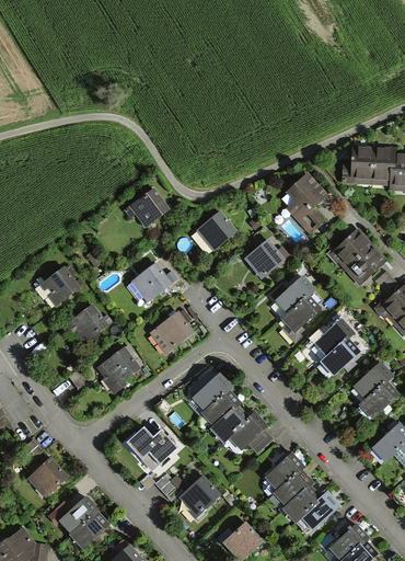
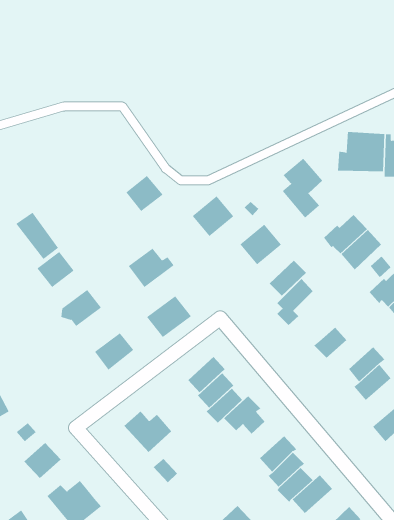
building: none -> [16,212,59,260]
building: [312,323,347,357] -> none
building: [183,480,220,517] -> none

